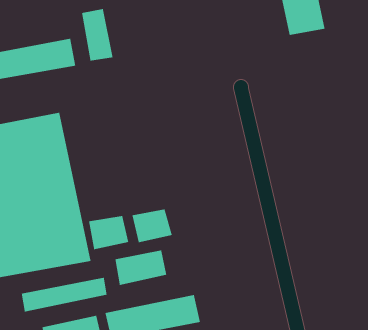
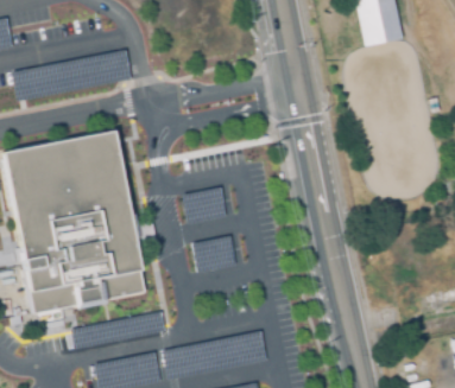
building: [81,8,113,62] -> none
building: [88,215,129,250] -> [183,187,228,225]
building: [114,249,167,286] -> none

